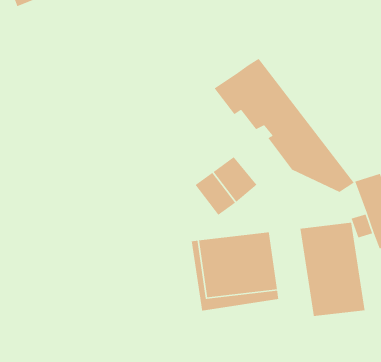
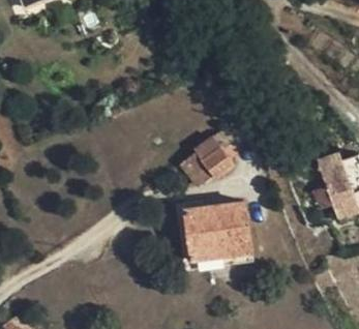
building: [214,58,355,193] -> none
building: [300,222,365,317] -> none

